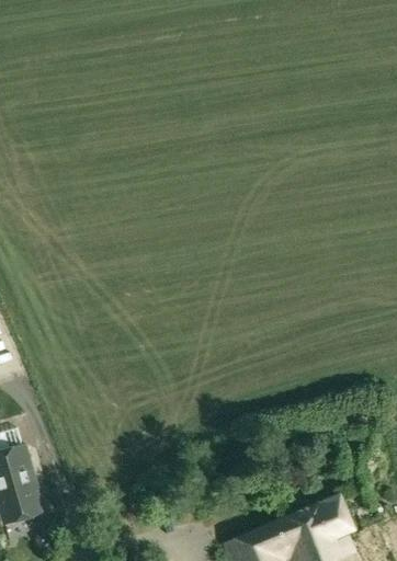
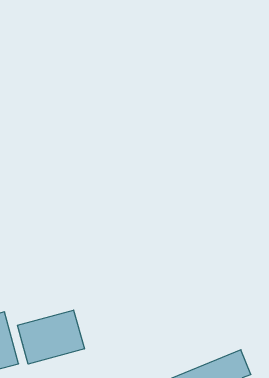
building: none -> [18,310,84,364]

